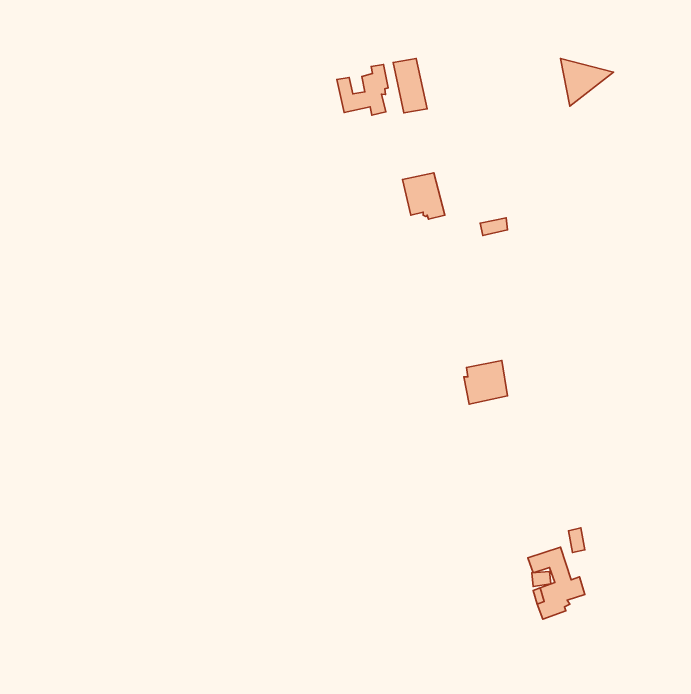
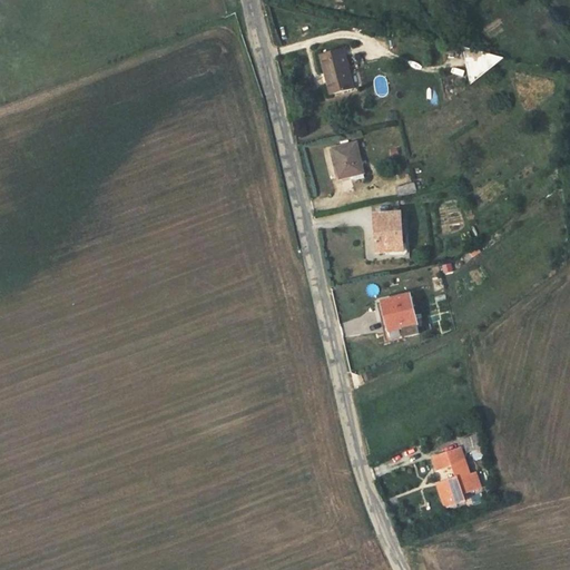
building: [337,64,388,115] -> none
building: none -> [375,209,401,249]

